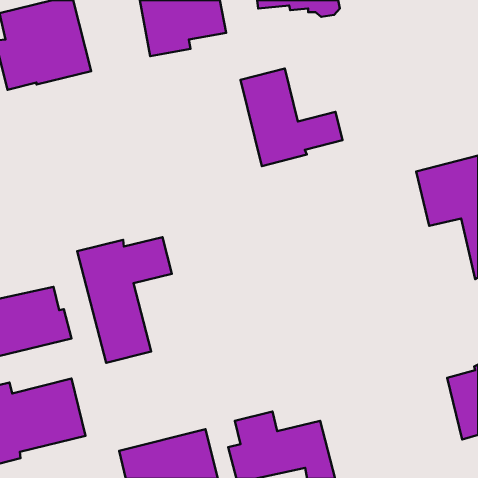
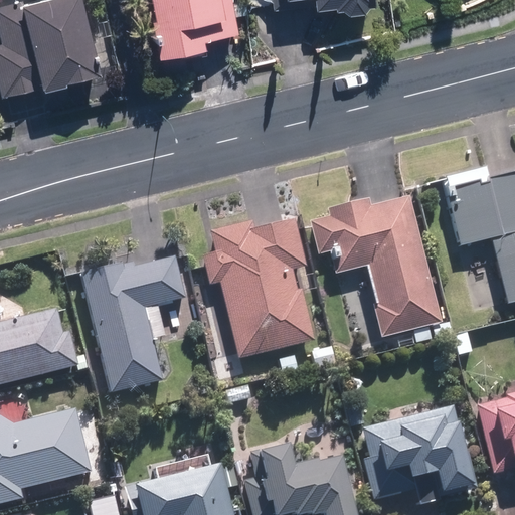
building: [241,68,343,166] -> none
building: none -> [313,196,438,332]
building: none -> [206,220,312,353]
building: none -> [364,405,475,502]

